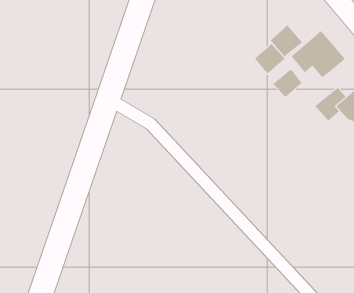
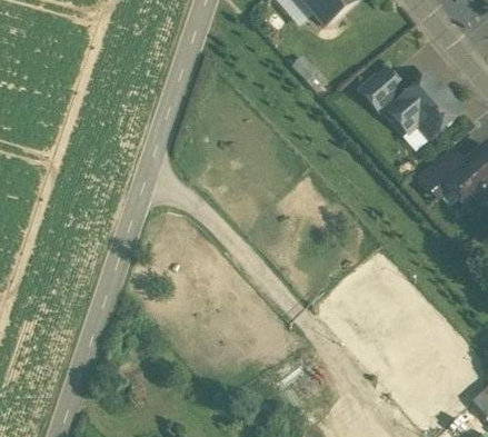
building: [254,43,286,74] -> none
building: [273,68,302,98] -> none

